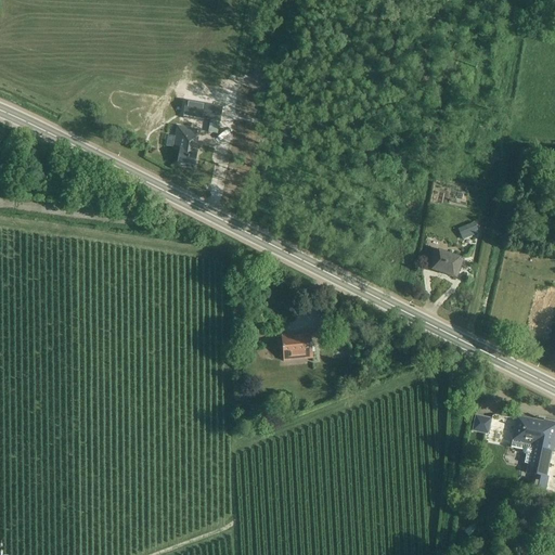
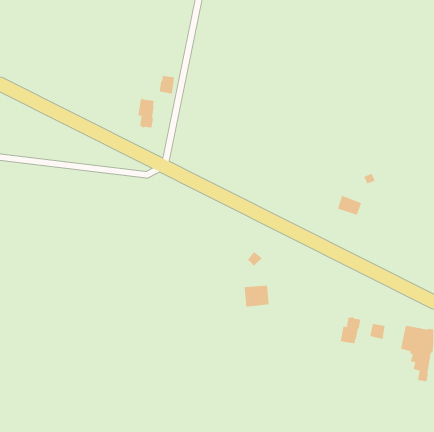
building: [281,332,313,360] -> [244,285,269,307]
building: none -> [340,316,361,344]

